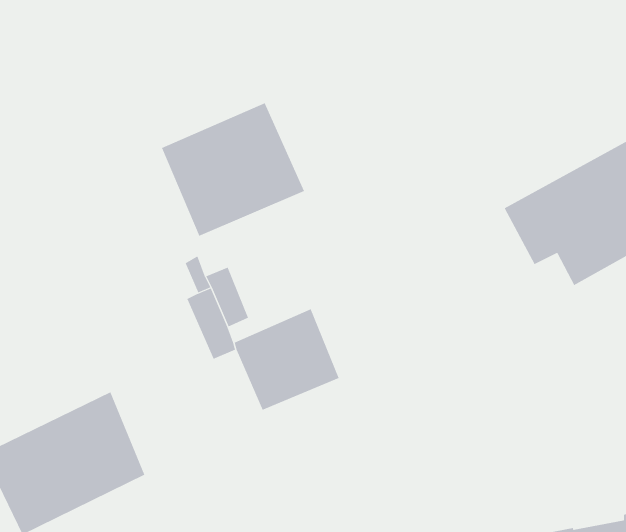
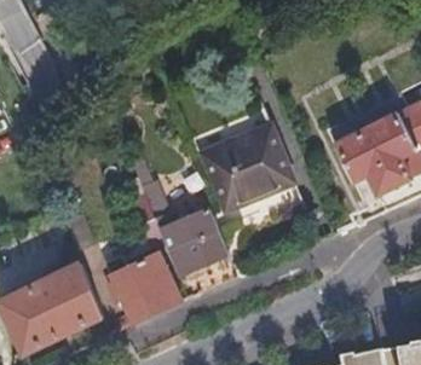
building: [161,102,305,237] -> [204,127,296,213]
building: none -> [105,253,184,323]

